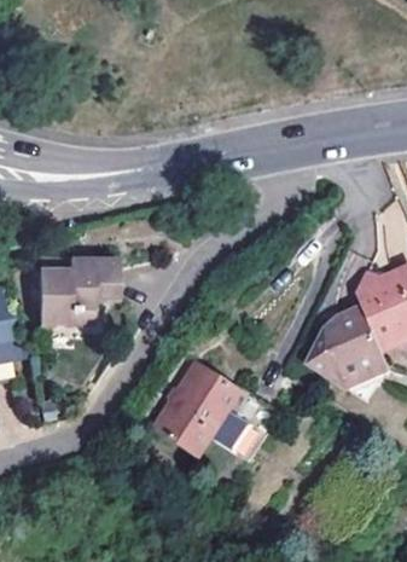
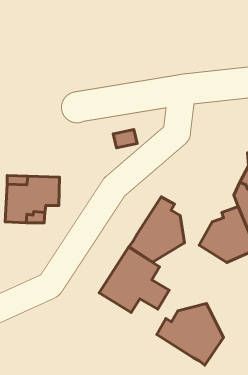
building: none -> [129,197,185,262]
building: none -> [157,303,223,365]

